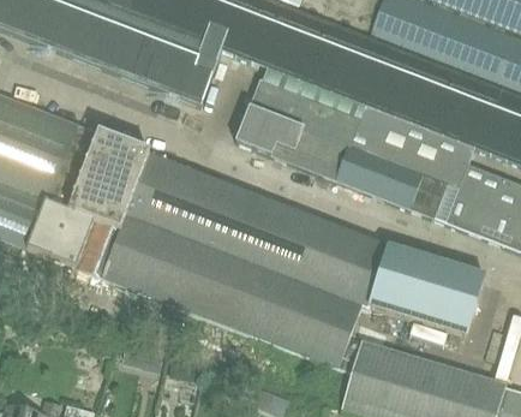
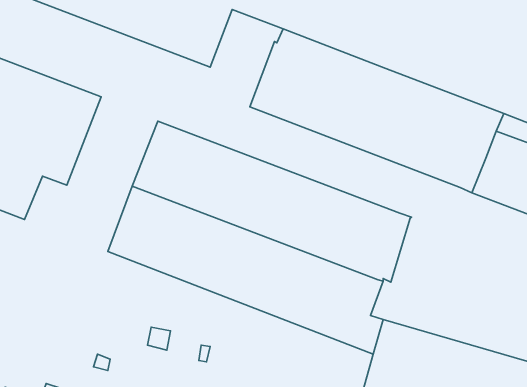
building: [25,131,150,276] -> none
building: [369,245,484,335] -> none

